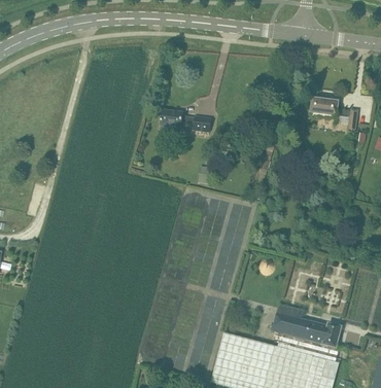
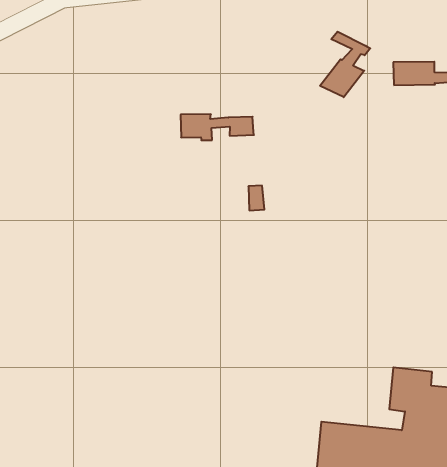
building: none -> [320,32,370,97]

